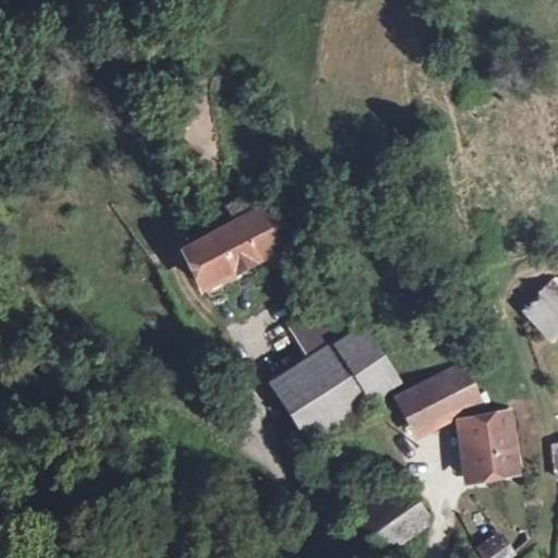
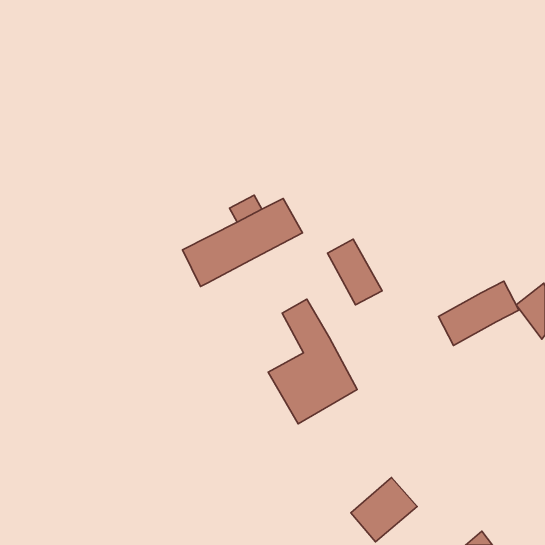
building: [335,329,390,396] -> [327,239,382,305]
building: [391,363,473,428] -> [438,281,519,346]
building: [463,418,521,482] -> none

